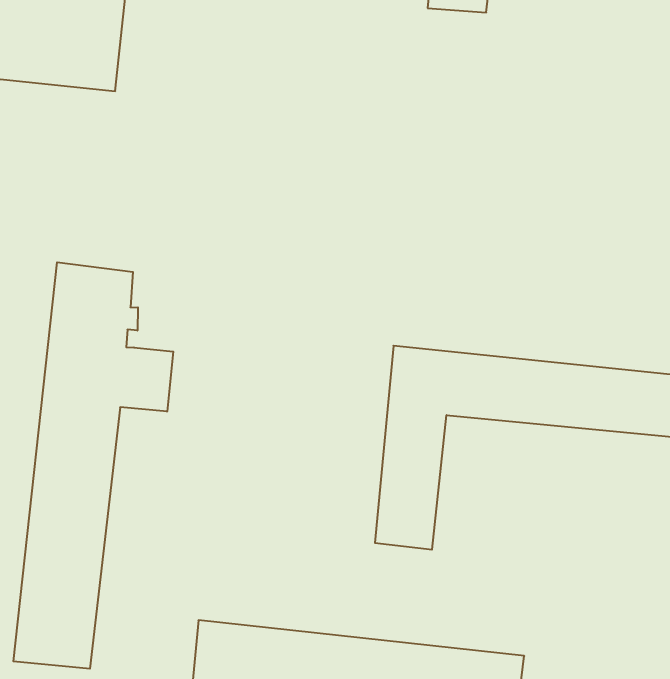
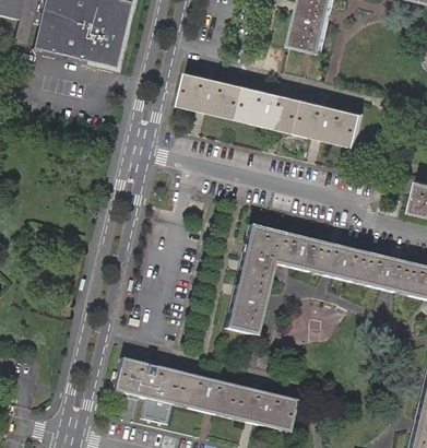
building: none -> [181,72,363,148]
building: [13,262,173,669] -> none

